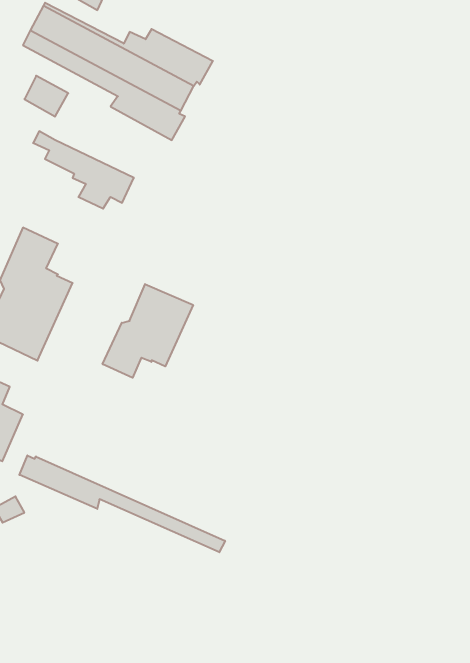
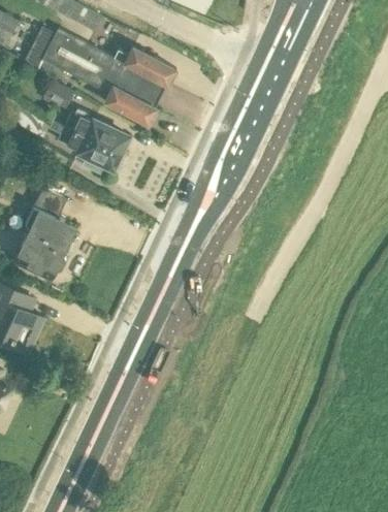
building: none -> [64,110,128,152]
building: [103,284,193,378] -> none
building: [19,455,225,552] -> none

